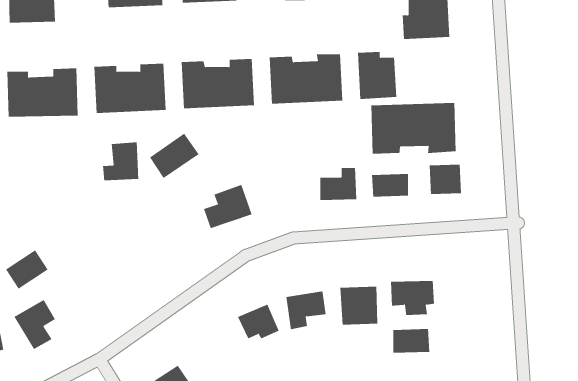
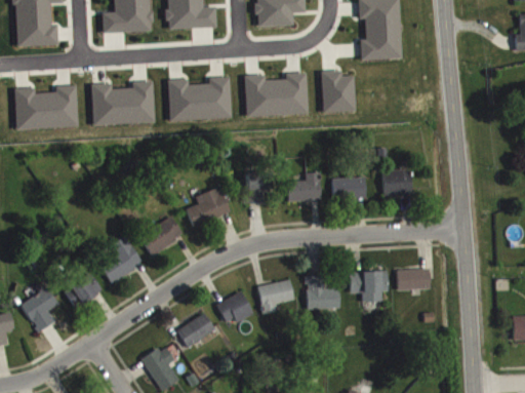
building: [371,102,456,154] -> none
building: [149,133,200,179] -> [139,215,184,256]
building: [103,141,139,181] -> none
building: none -> [246,173,270,203]
building: none -> [98,235,143,283]
building: [5,250,49,290] -> [63,273,100,308]
building: [392,329,430,353] -> [397,269,430,290]
building: none -> [176,313,215,348]

